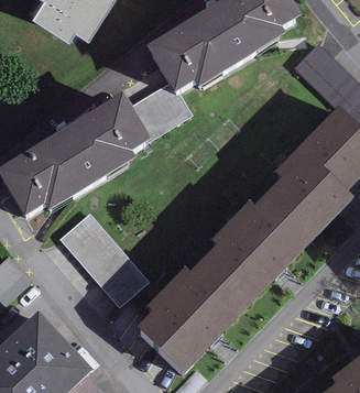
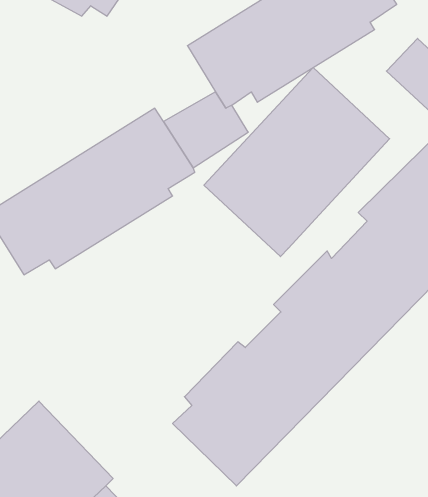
building: none -> [204,68,390,257]
building: [61,216,152,310] -> none

